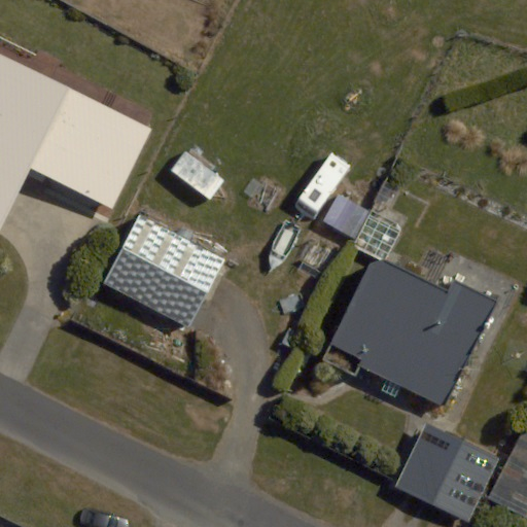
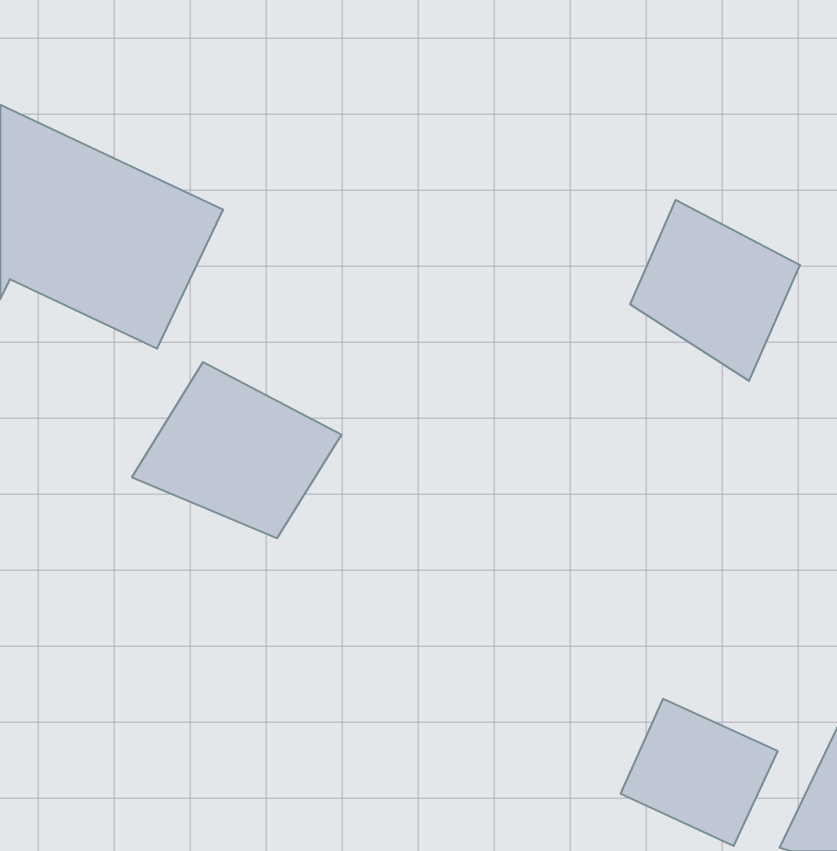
building: none -> [630,200,800,381]
building: [317,245,487,400] -> none

